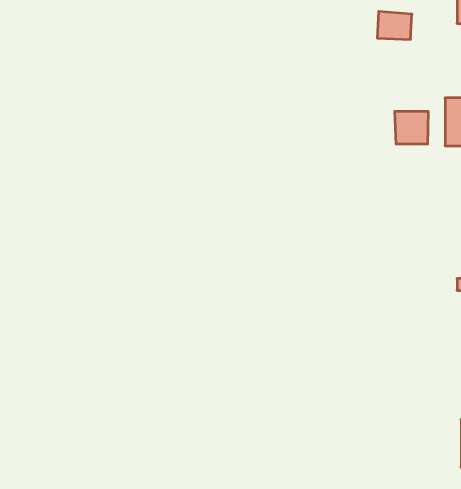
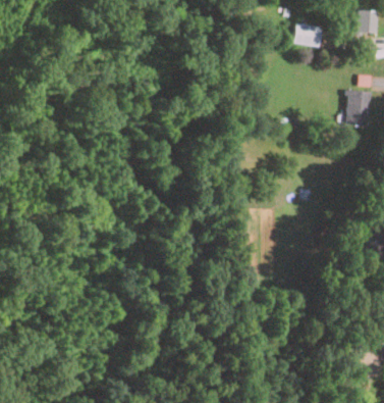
building: [395,111,428,144] -> none

